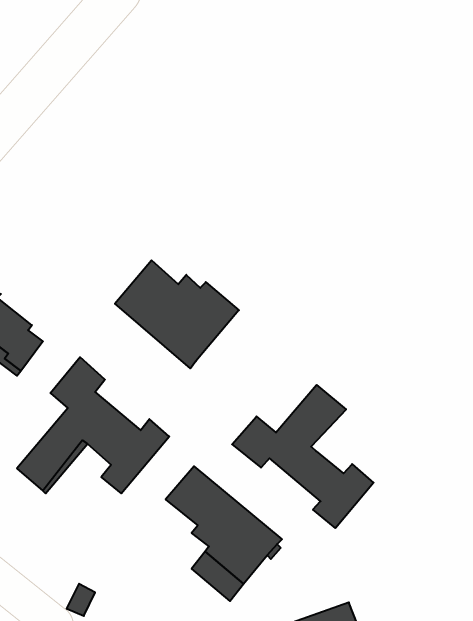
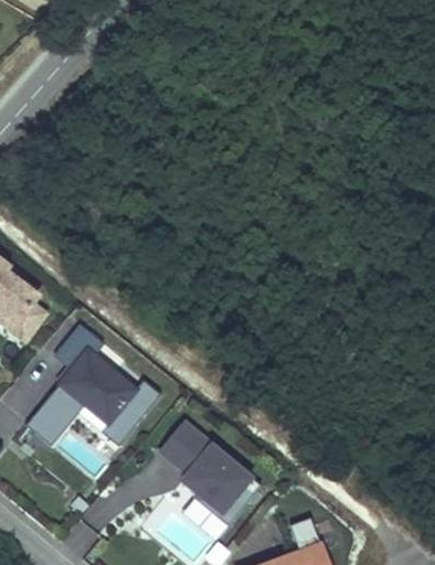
building: [115,260,239,368] -> none
building: [232,385,374,528] -> none

